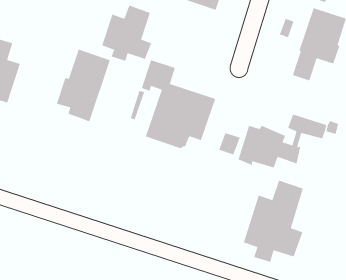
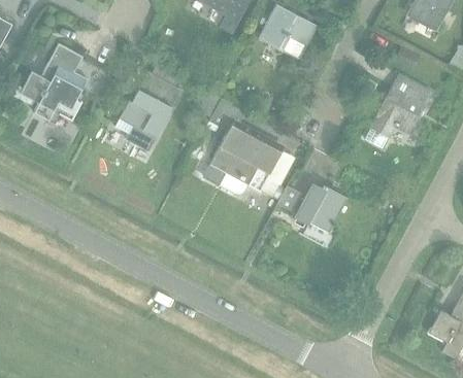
building: [101,5,152,62] -> none
building: [243,179,304,263] -> none

